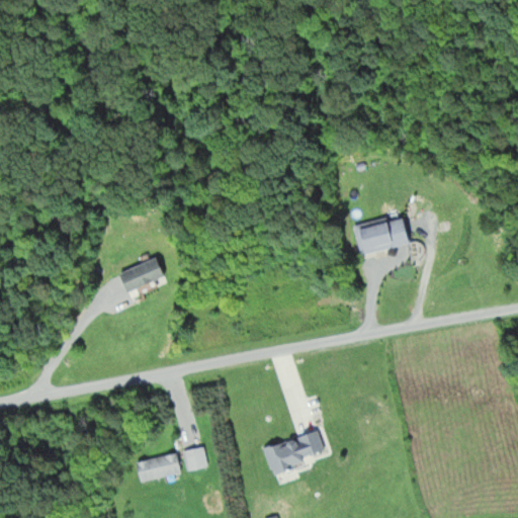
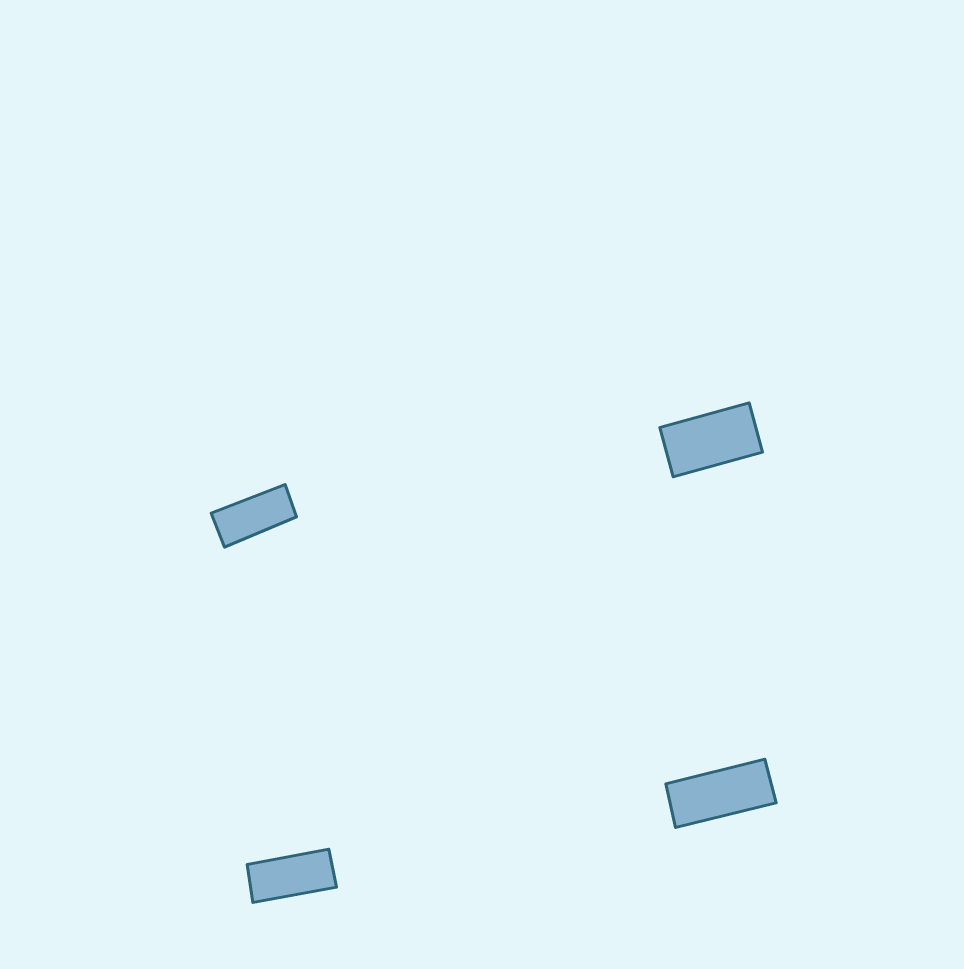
building: [265,432,324,468] -> [666,759,776,828]
building: [183,446,208,471] -> none

